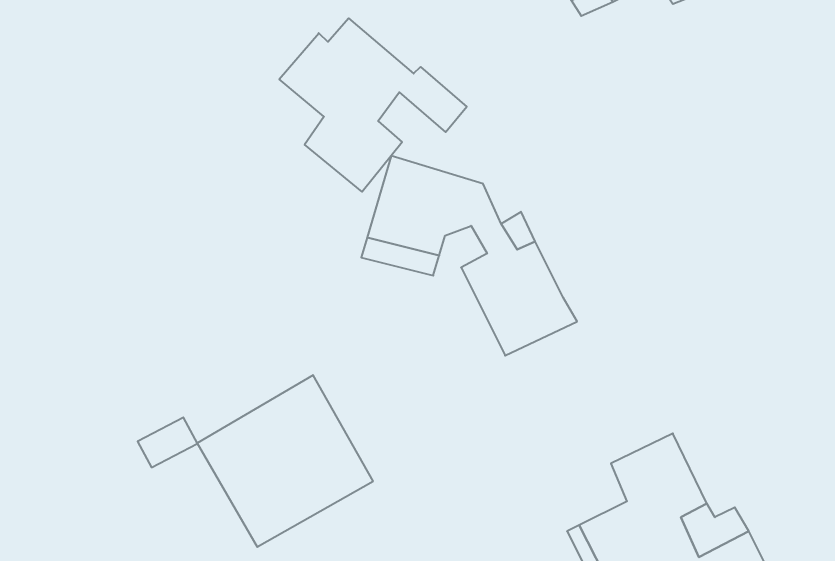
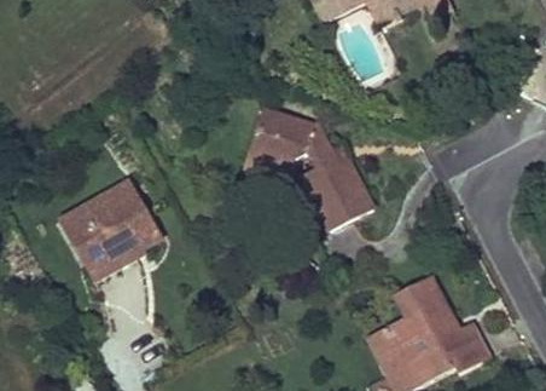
building: [279,18,467,192] -> none
building: [197,375,373,547] -> [59,176,165,280]

